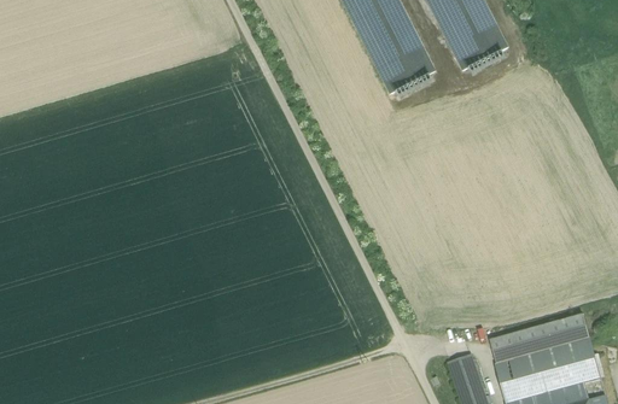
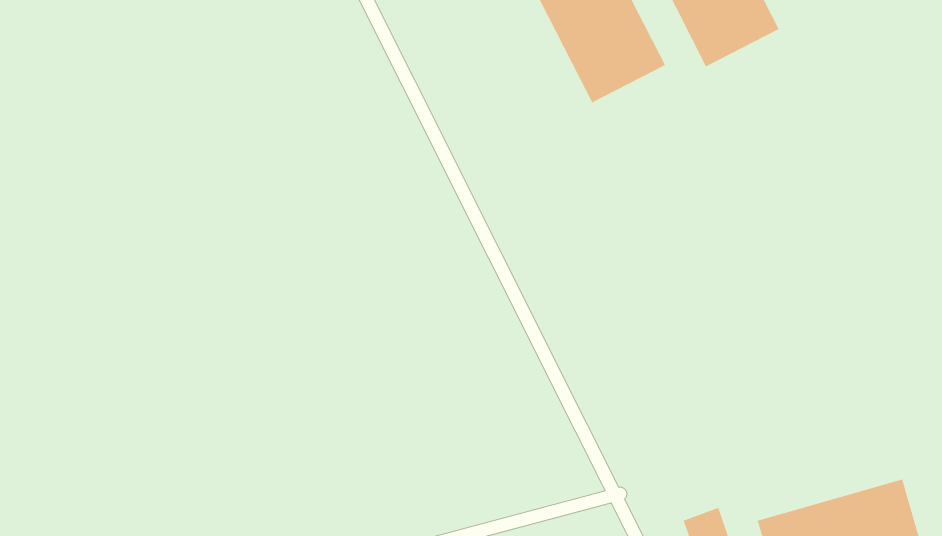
building: [489,311,588,361] -> none

